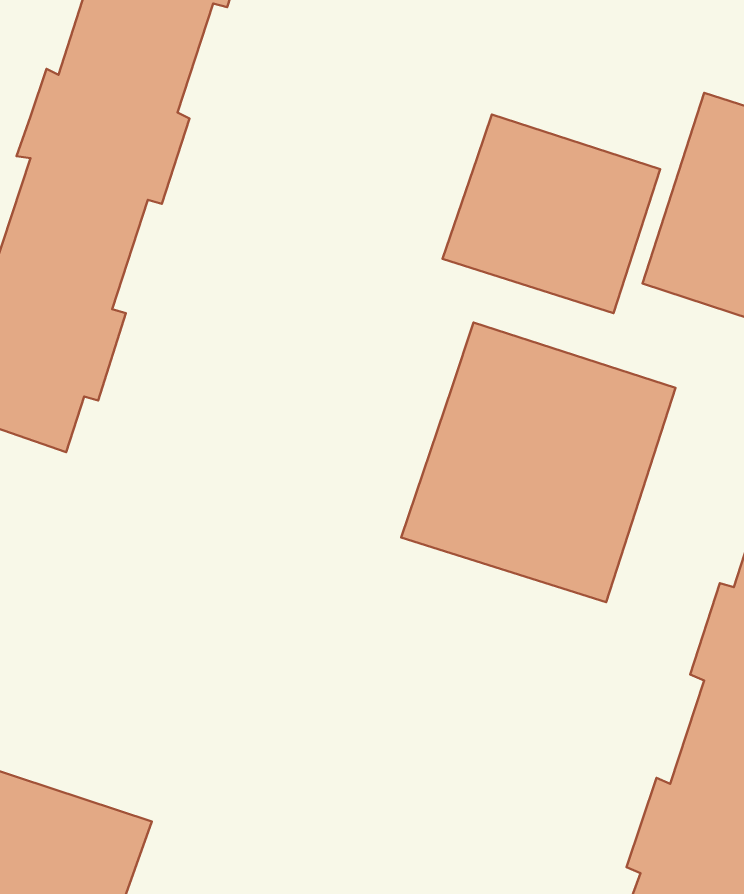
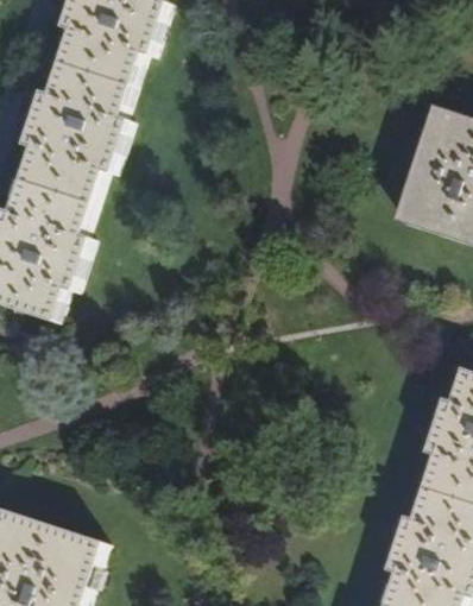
building: [443,115,660,313] -> none
building: [401,322,675,602] -> none

